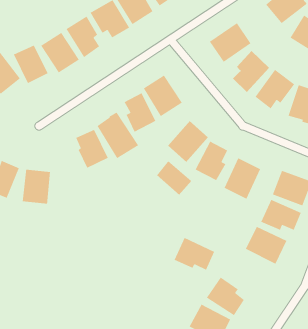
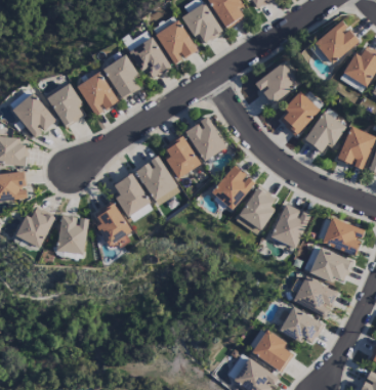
building: none -> [94,202,131,246]
building: [156,160,192,196] -> none
building: [173,237,215,271] -> [280,307,324,343]

